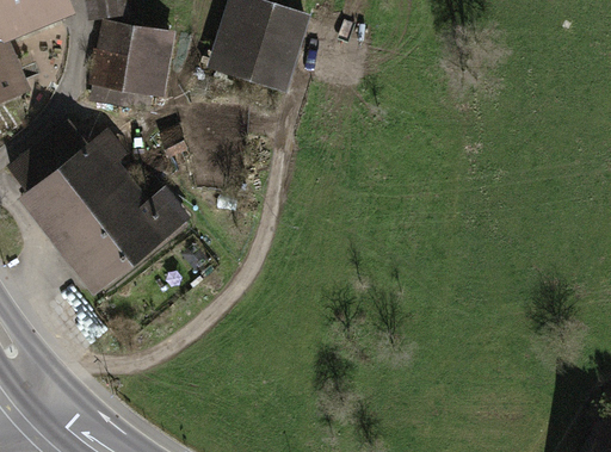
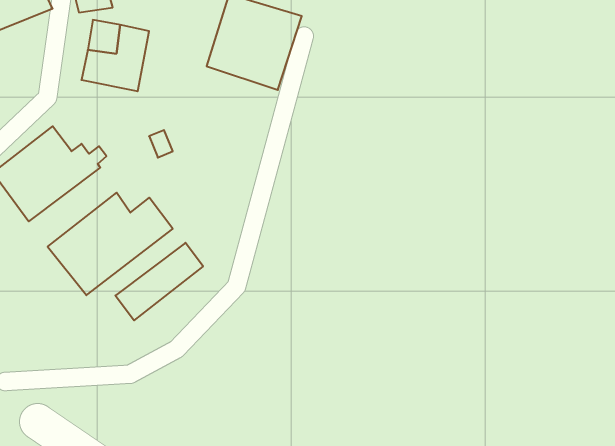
building: [47,166,130,240] -> [115,243,203,320]

